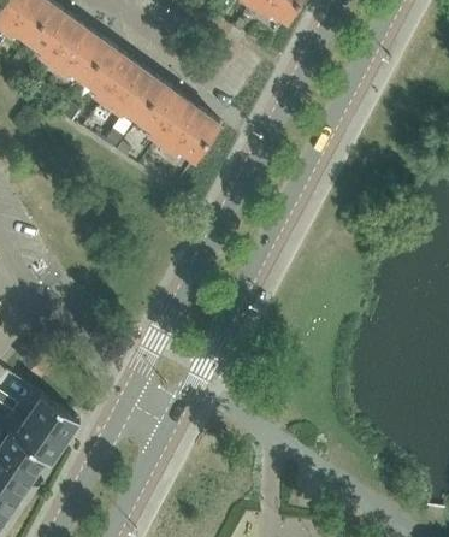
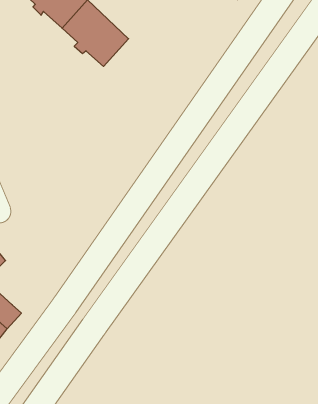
building: [137,85,218,161] -> none

